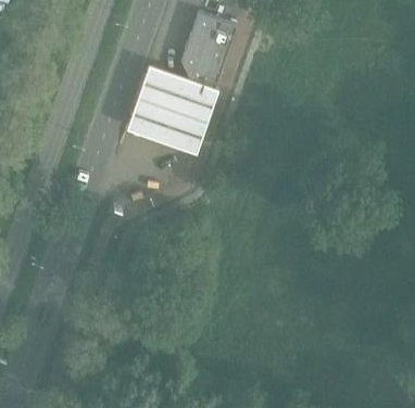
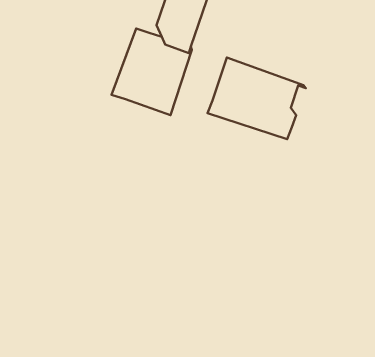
building: none -> [208,58,306,139]

